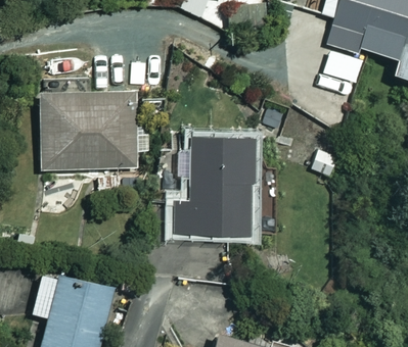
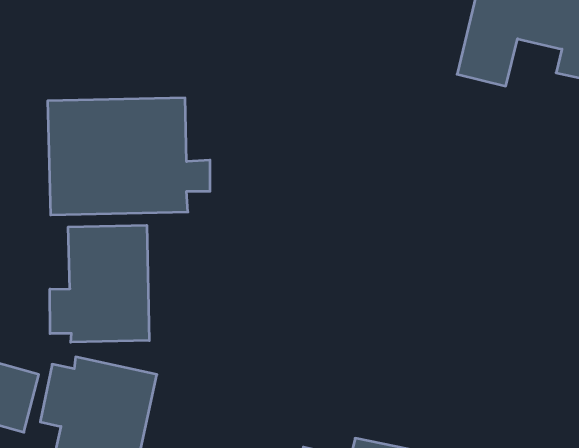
building: [174,135,261,235] -> none
building: none -> [50,225,149,342]

